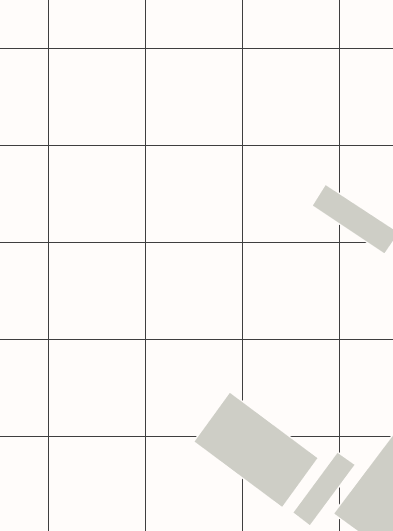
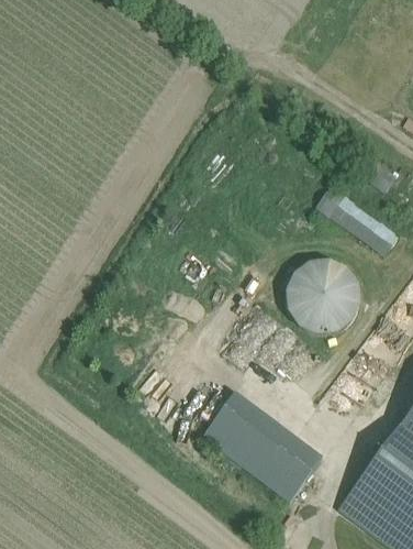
building: none -> [286,260,359,334]
building: [293,452,356,526] -> none

